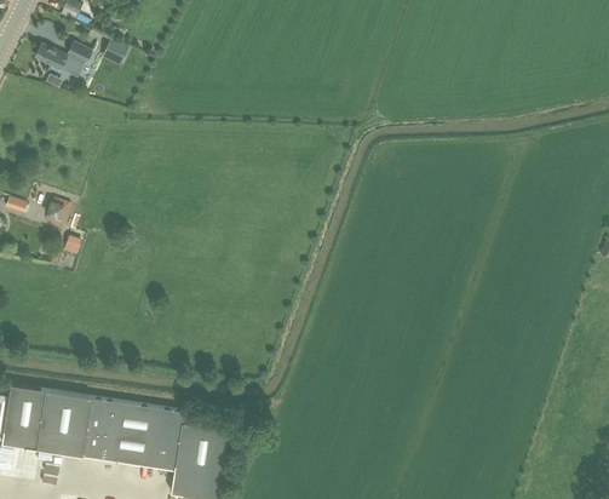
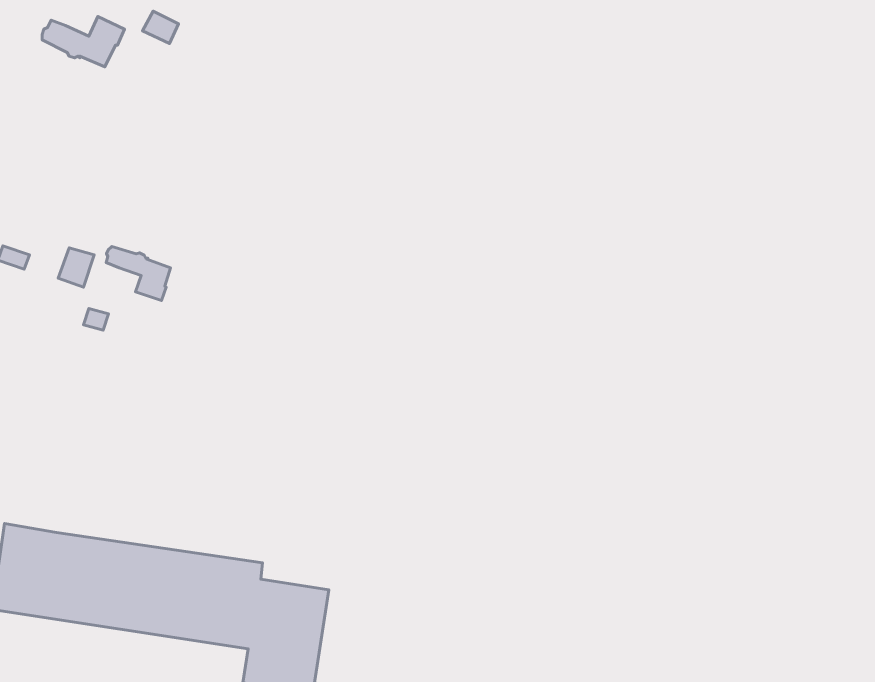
building: none -> [106,246,170,300]

